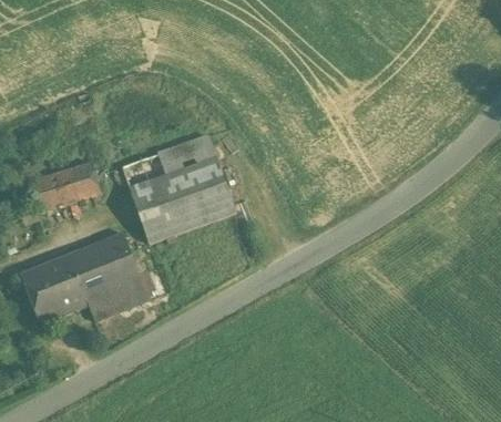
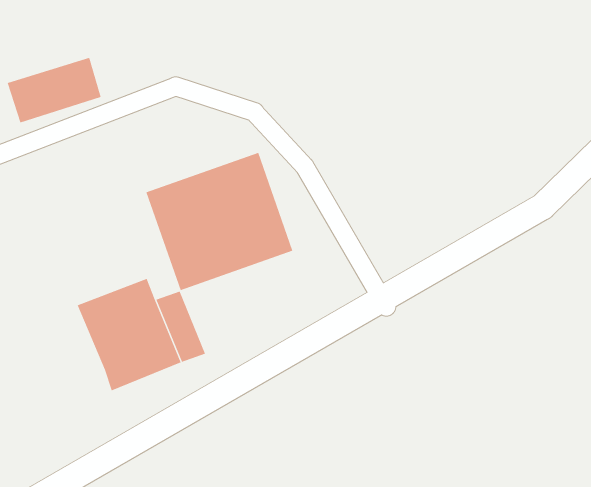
building: [27,162,100,213] -> [7,57,101,123]
building: [20,254,89,323] -> none

